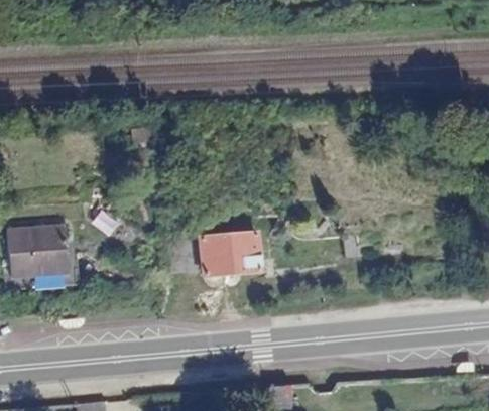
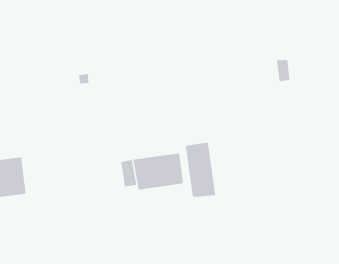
building: none -> [185,142,216,198]

